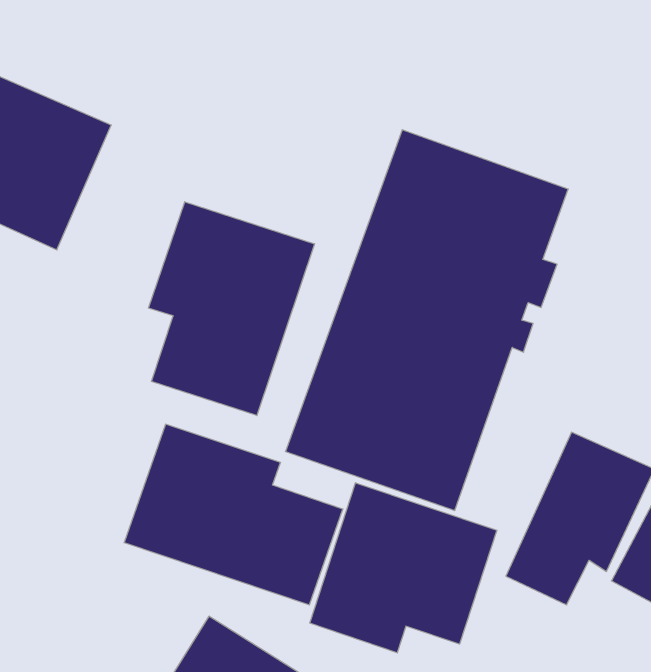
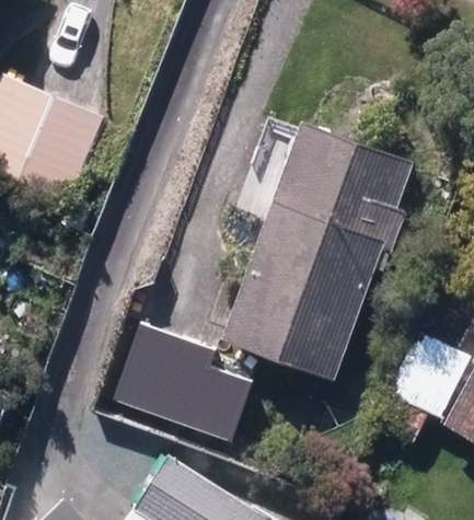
building: [149,202,315,416] -> none
building: [310,483,497,653] -> none

